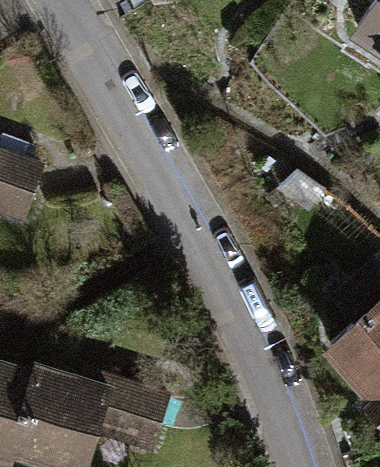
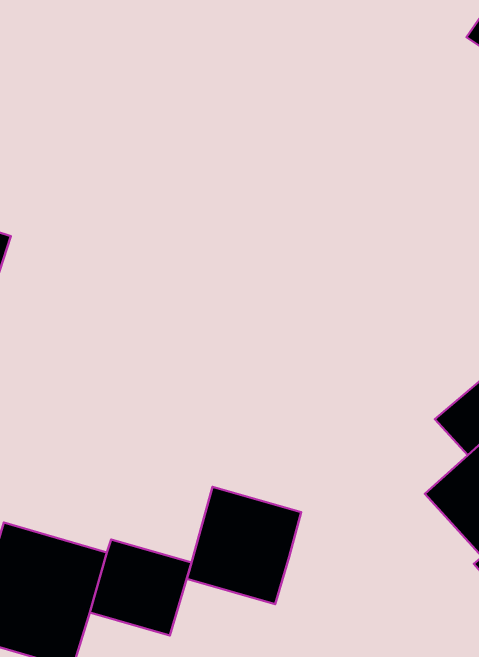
building: none -> [187,487,301,604]

